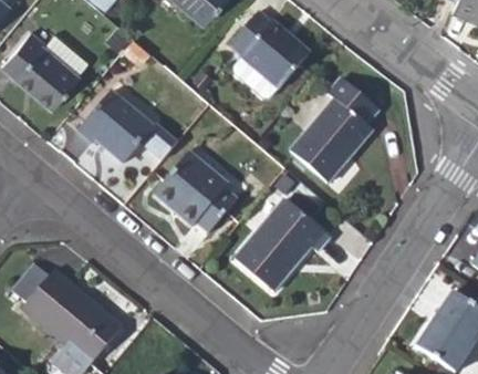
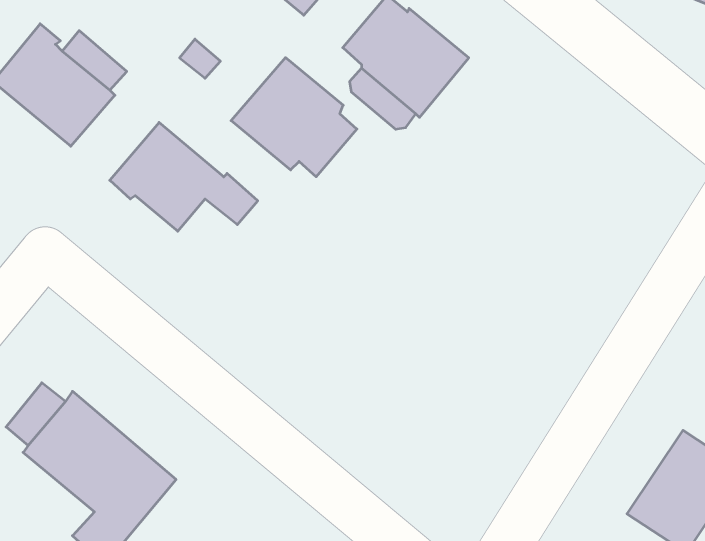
building: [291,79,380,183] -> none
building: [154,154,236,231] -> [231,58,357,177]
building: [236,200,330,290] -> none

